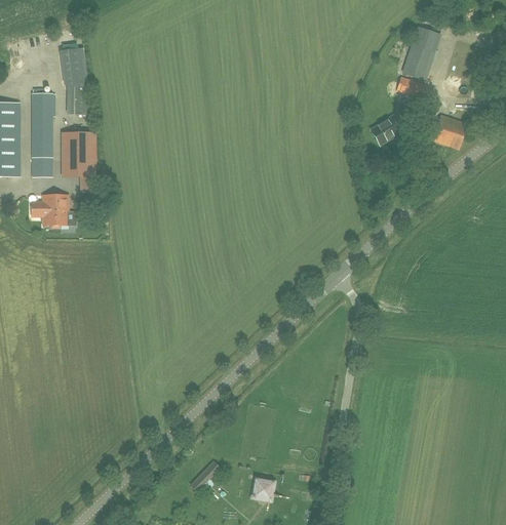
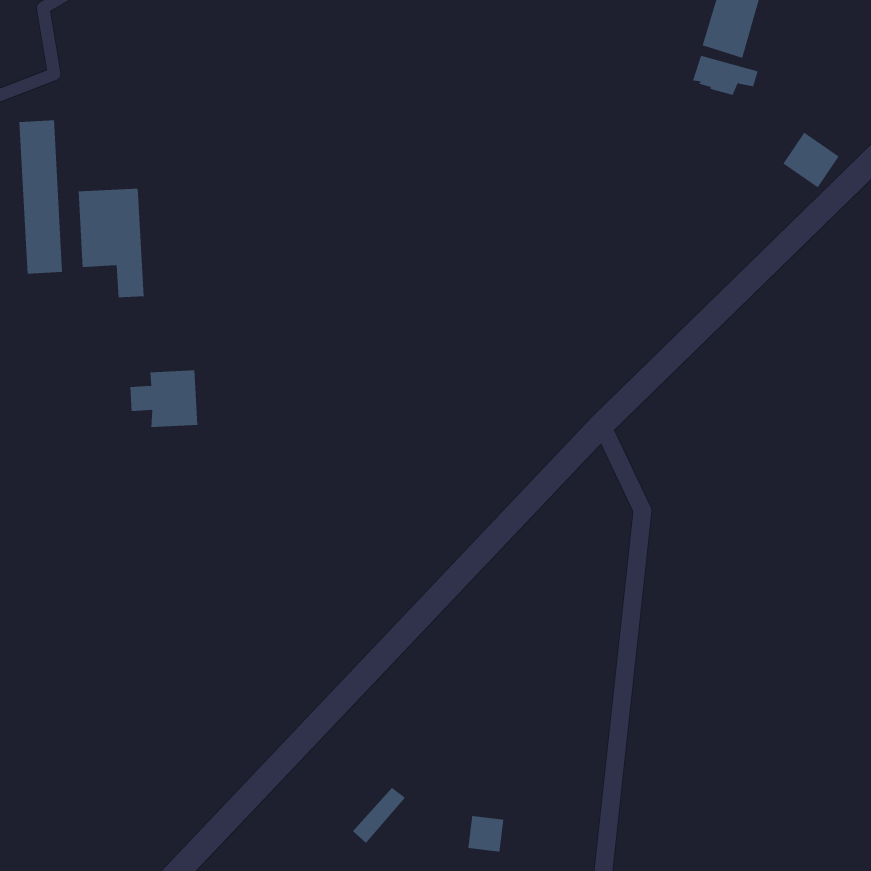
building: [57,46,87,113] -> none
building: [369,110,402,144] -> none
building: [31,194,67,224] -> [129,370,198,428]

